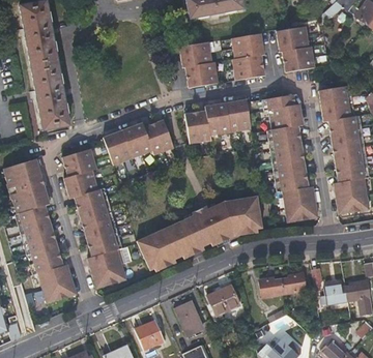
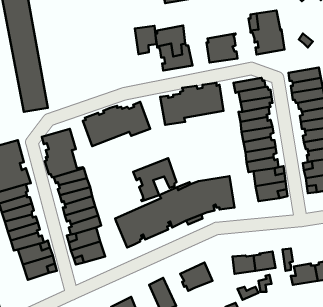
building: [231,33,262,54] -> none
building: none -> [135,26,156,54]
building: none -> [133,158,177,201]

